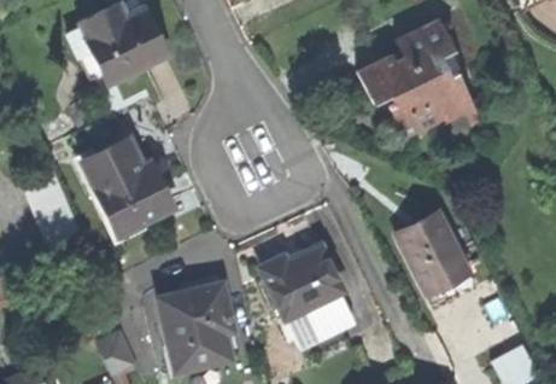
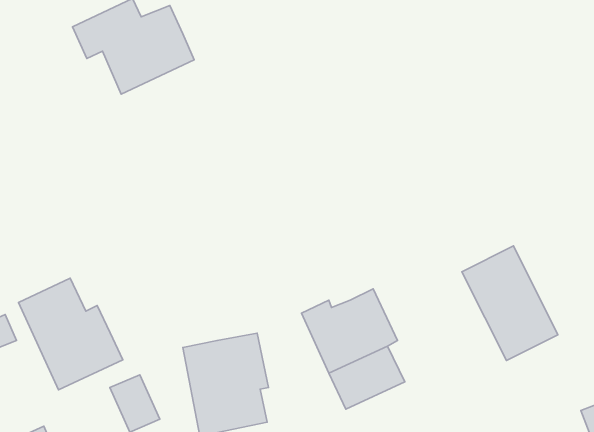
building: [358,22,469,139] -> none
building: [87,138,175,232] -> [18,278,123,390]

